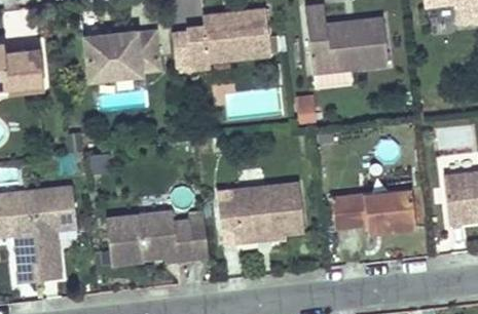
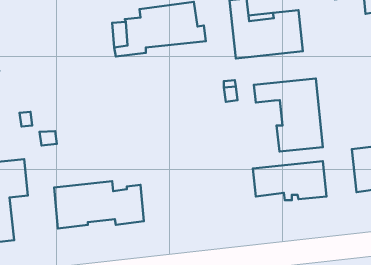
building: [83,31,159,80] -> none
building: none -> [254,79,323,152]
building: [216,184,303,242] -> none

